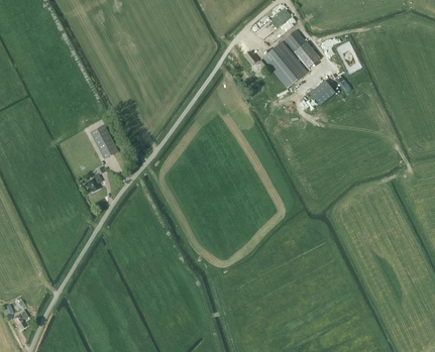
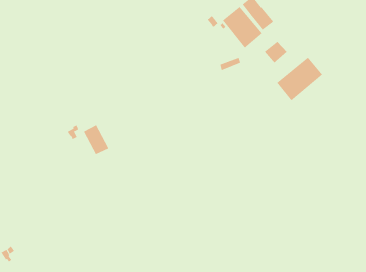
building: none -> [277,57,323,101]
building: [90,124,119,158] -> [83,124,109,155]

